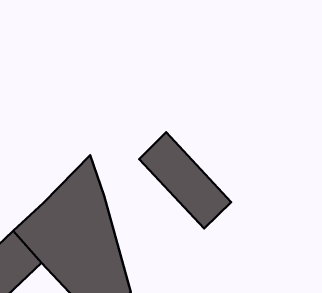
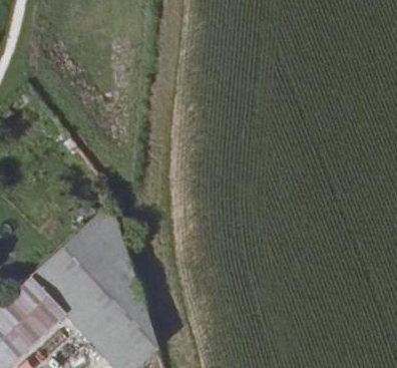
building: [139,132,231,228] -> none

